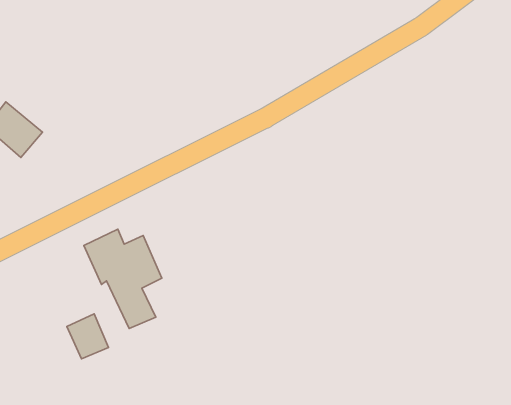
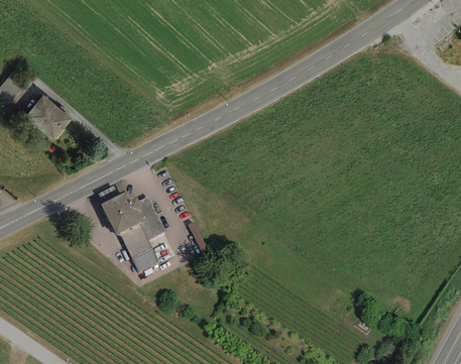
building: [67,314,109,359] -> none

